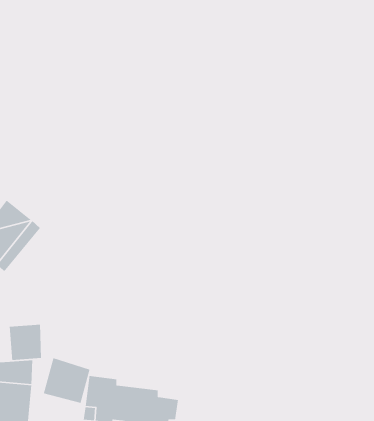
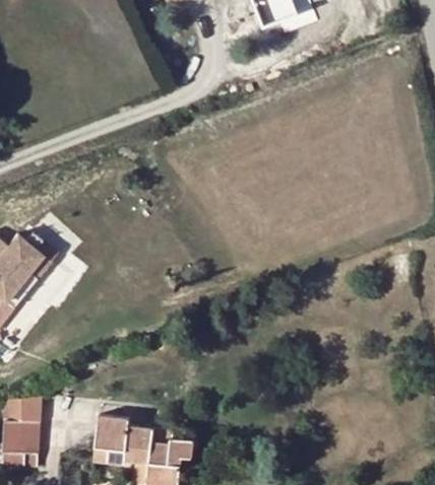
building: [9,324,42,361] -> none
building: [43,357,90,404] -> none

